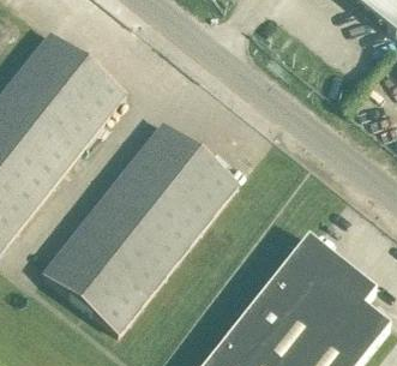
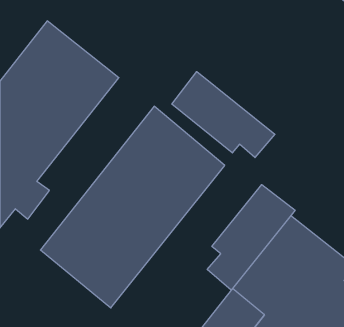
building: none -> [172,72,275,158]
building: none -> [207,185,295,290]

